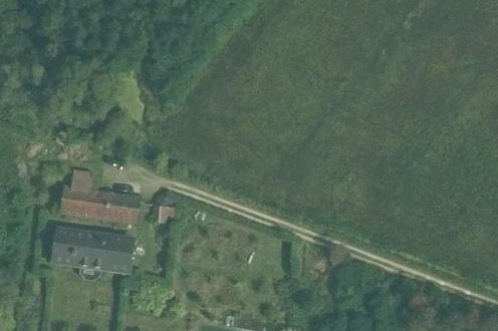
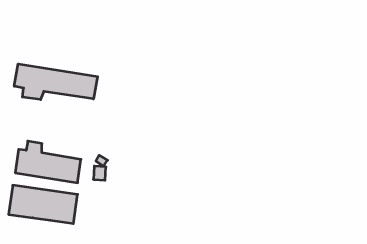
building: none -> [14,64,98,100]

